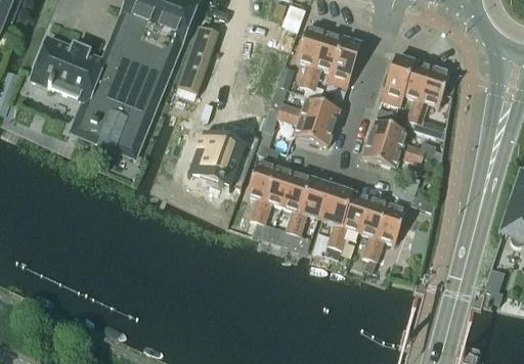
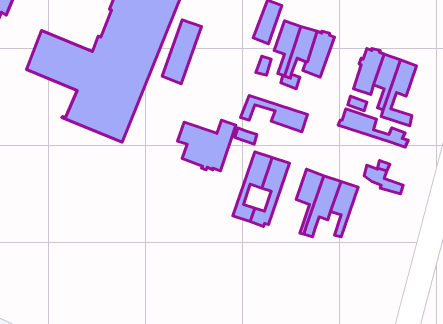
building: [270,84,339,127] -> none
building: [362,138,422,168] -> none
building: [247,161,276,235] -> none
building: [291,179,332,251] -> none
building: [365,204,405,271] -> none

